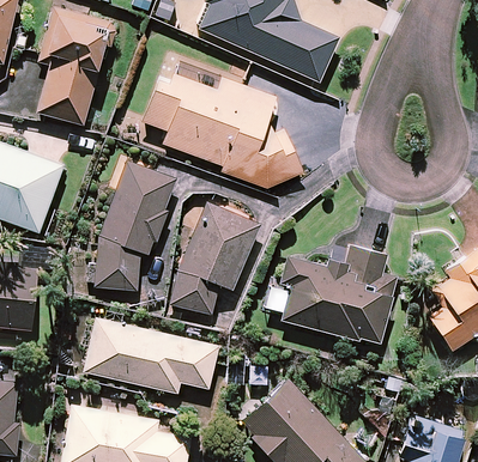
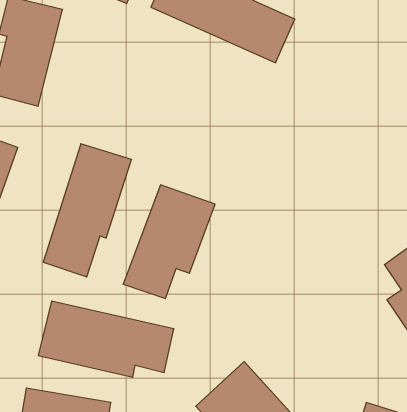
building: [144,71,303,189] -> none
building: [273,247,397,346] -> none

